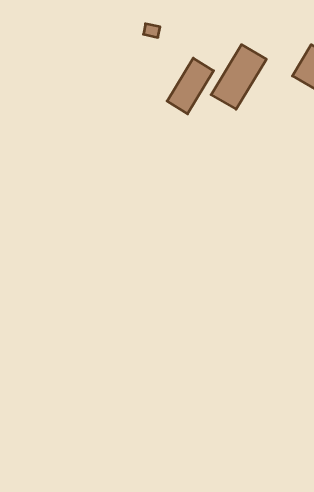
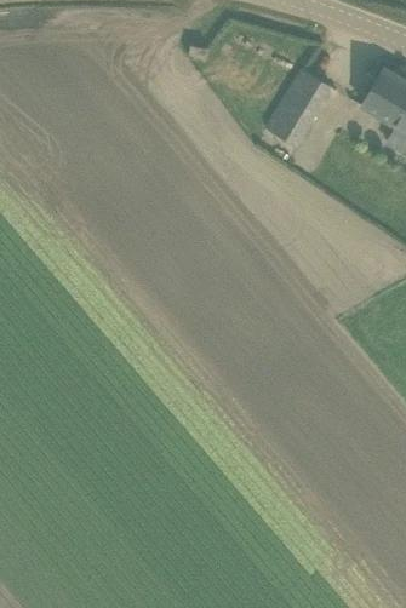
building: [167,58,214,114] -> none

